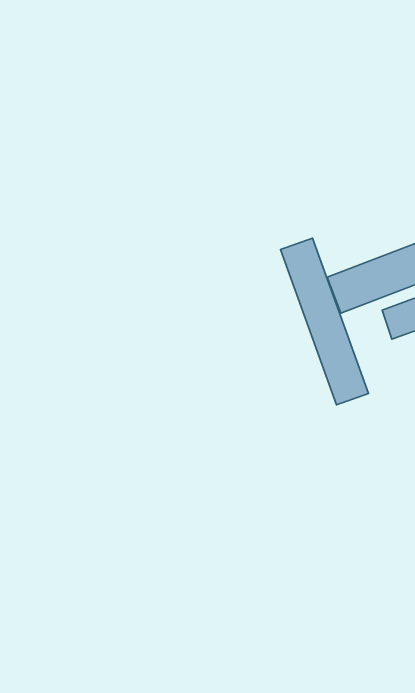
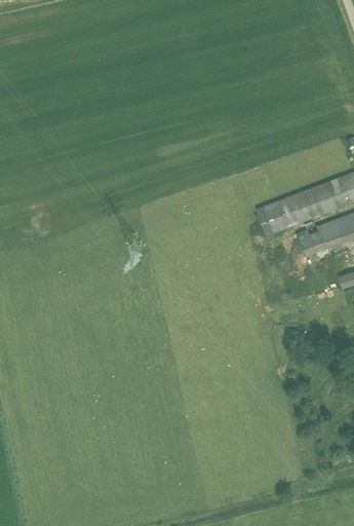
building: [281,238,368,405] -> none

